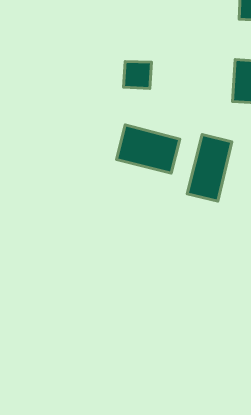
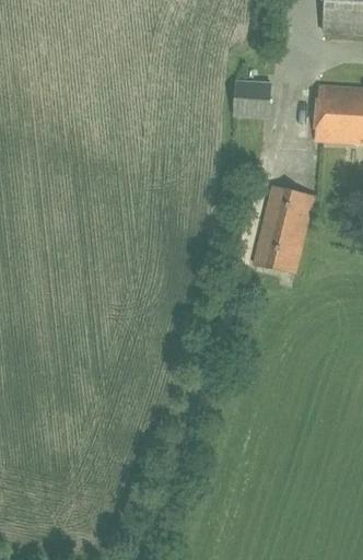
building: [124,61,152,89] -> [233,80,270,116]
building: [116,125,180,173] -> none

